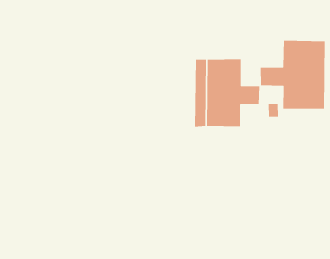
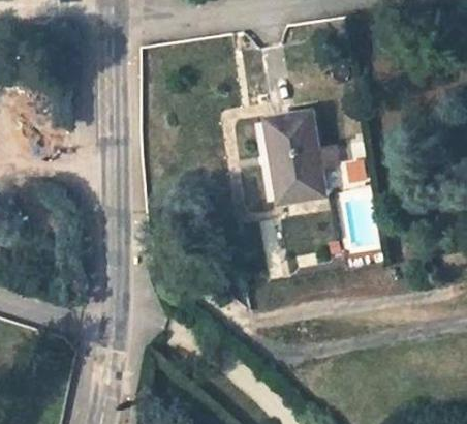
building: [260,40,325,109] -> none

